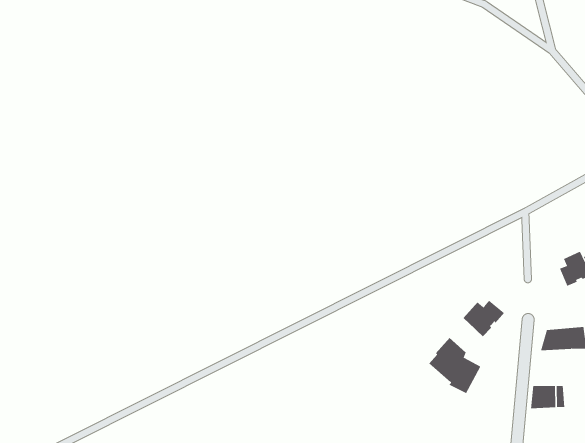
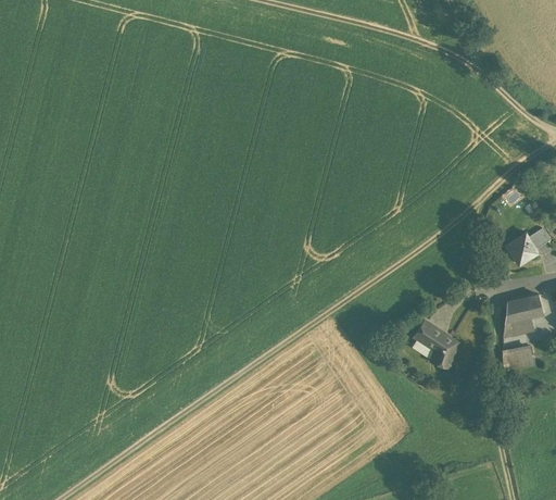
building: [463,300,505,337] -> none
building: none -> [504,315,535,337]

